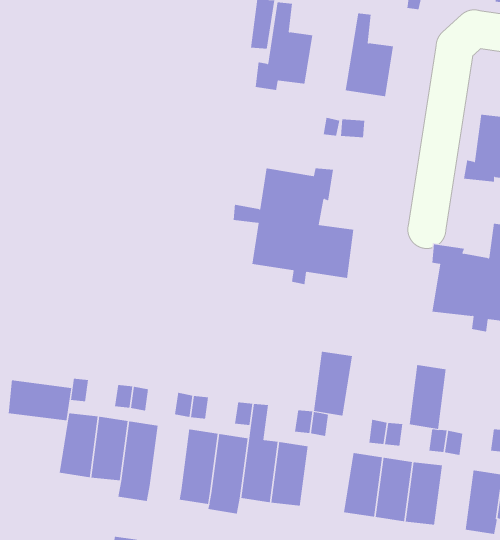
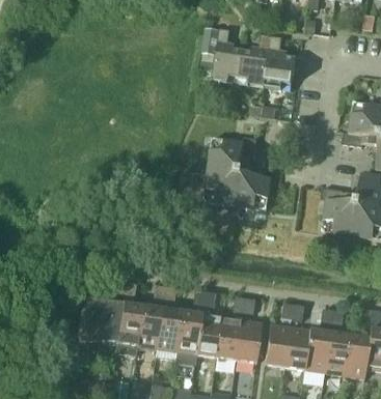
building: none -> [239,33,273,86]
building: [313,351,353,416] -> [236,319,262,362]
building: [409,365,447,429] -> [324,332,349,374]
building: [8,380,72,421] -> none
building: none -> [137,306,162,348]

